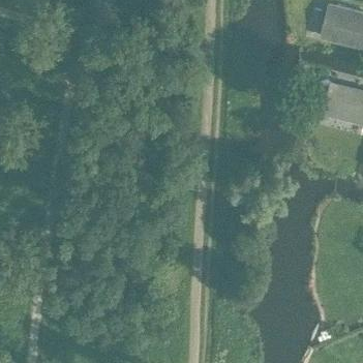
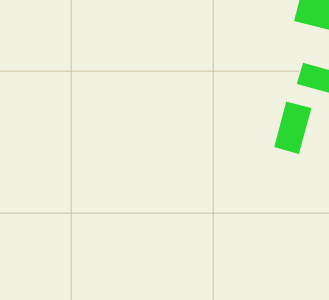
building: none -> [273,101,312,155]

